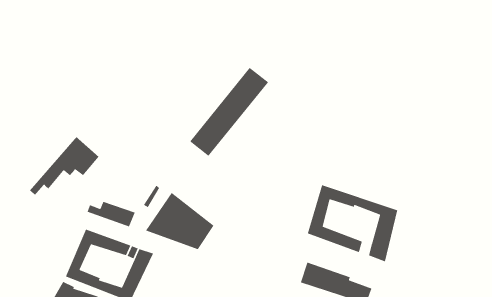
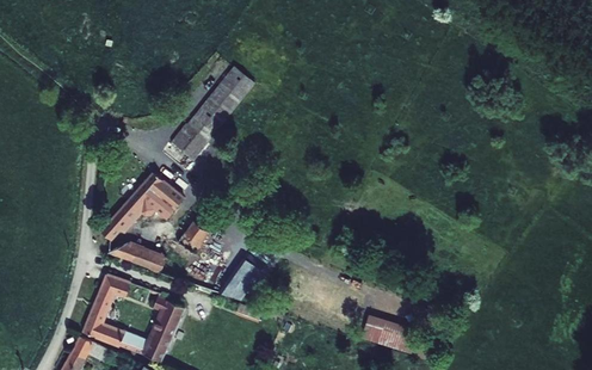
building: [189,67,269,157] -> [159,64,252,169]
building: [29,136,100,196] -> [101,174,184,243]
building: [307,184,398,262] -> none

